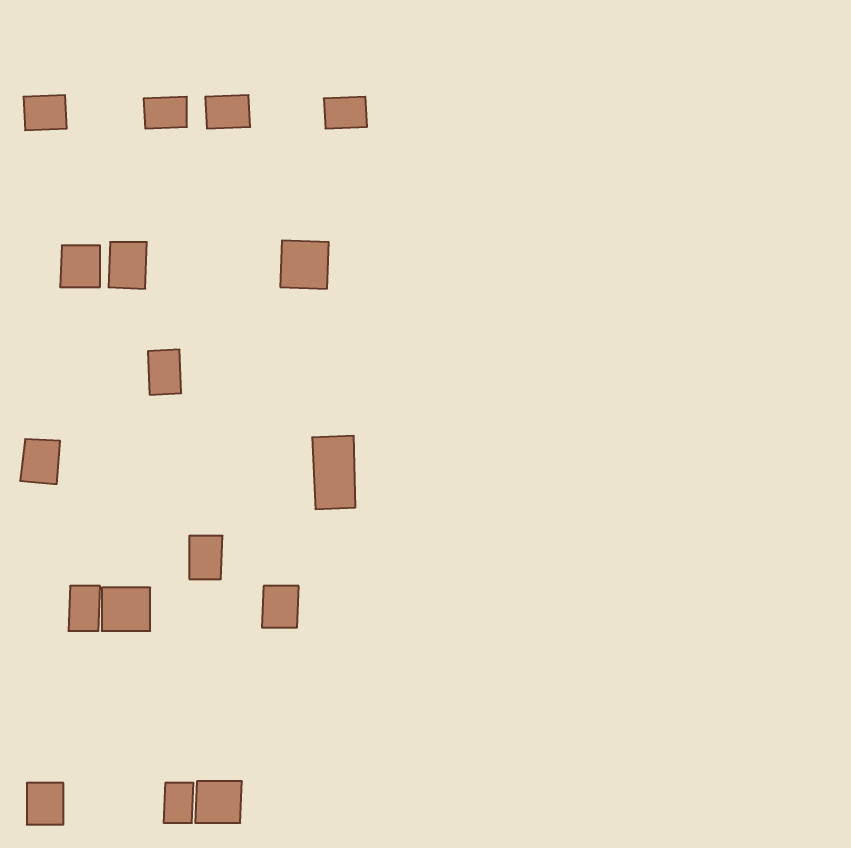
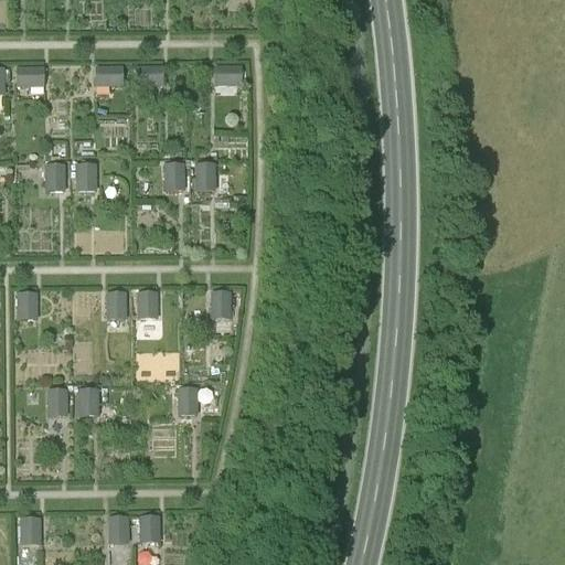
building: none -> [164,161,185,190]
building: [148,350,181,395] -> [105,289,127,319]
building: [189,536,223,579] -> [137,290,159,319]

